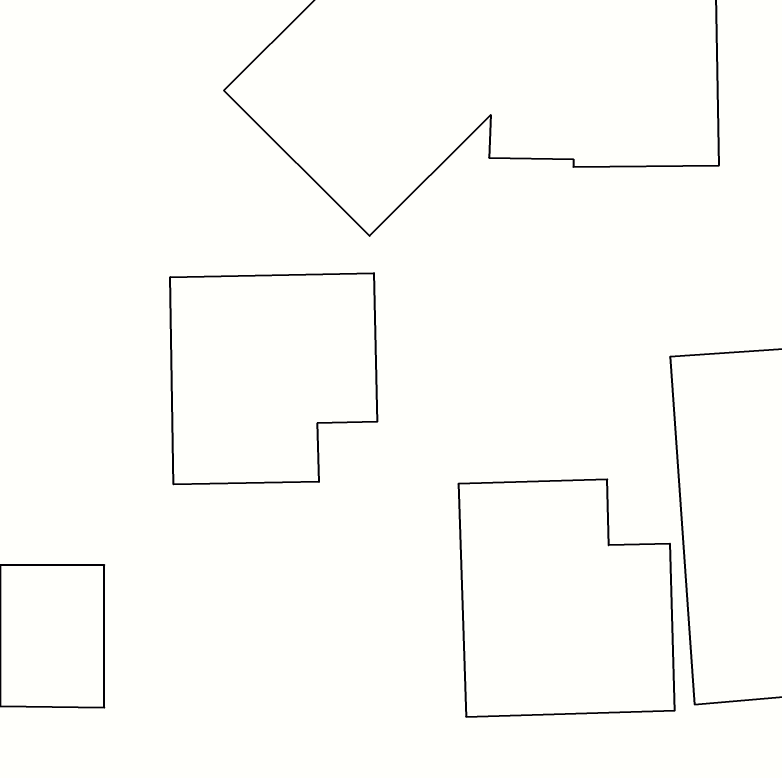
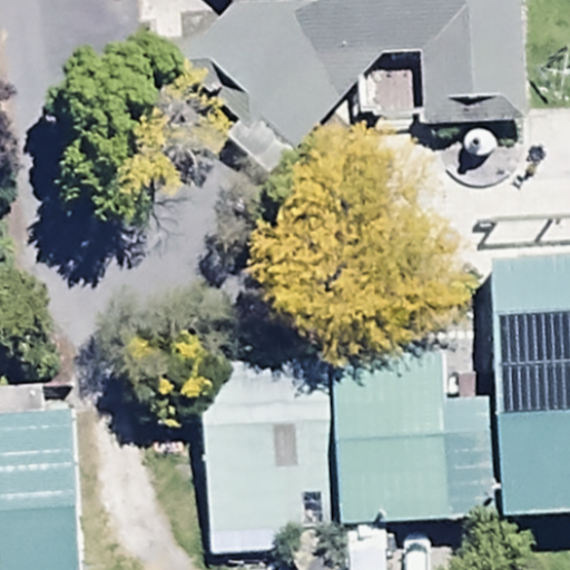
building: [170,273,377,484] -> none
building: none -> [200,358,326,559]

